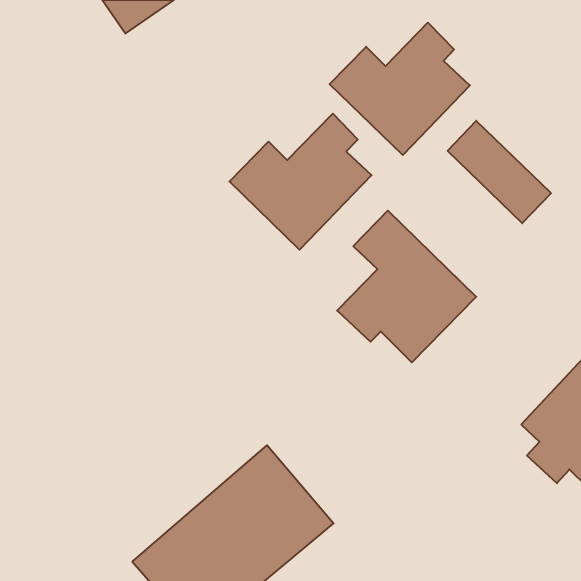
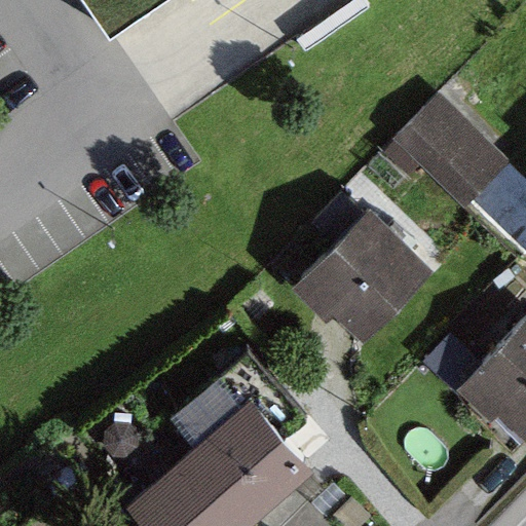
building: [330,23,470,155] -> none
building: [229,114,372,250] -> none

